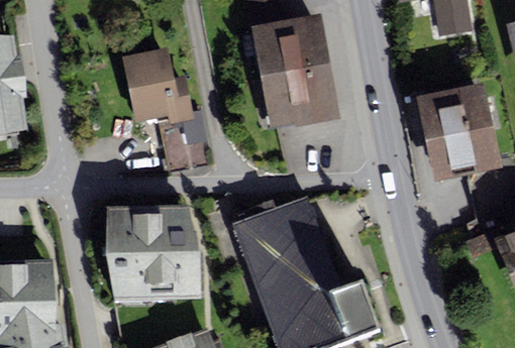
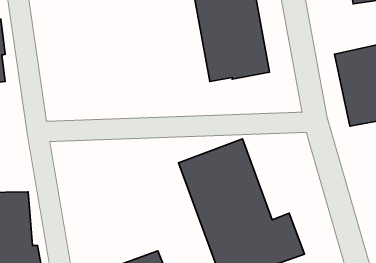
building: [122,47,208,171] -> none
building: [105,204,203,302] -> none

